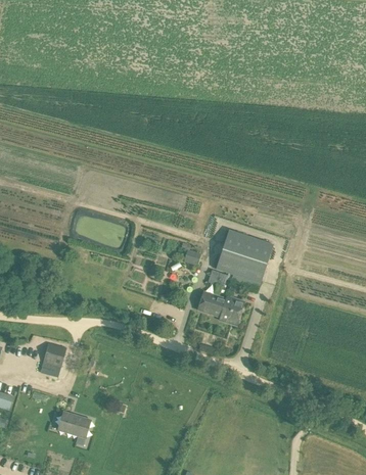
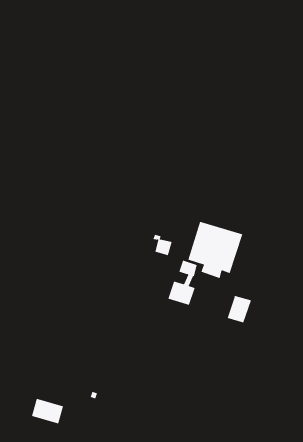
building: [218,296,243,325] -> [227,295,252,323]
building: [41,342,66,377] -> none

